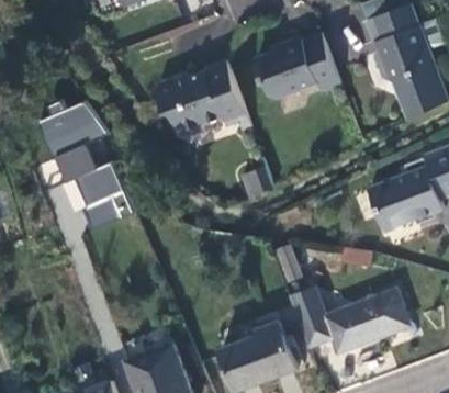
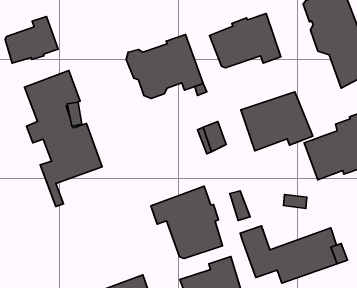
building: none -> [5,16,58,63]
building: none -> [241,92,313,151]
building: none -> [151,186,223,258]

